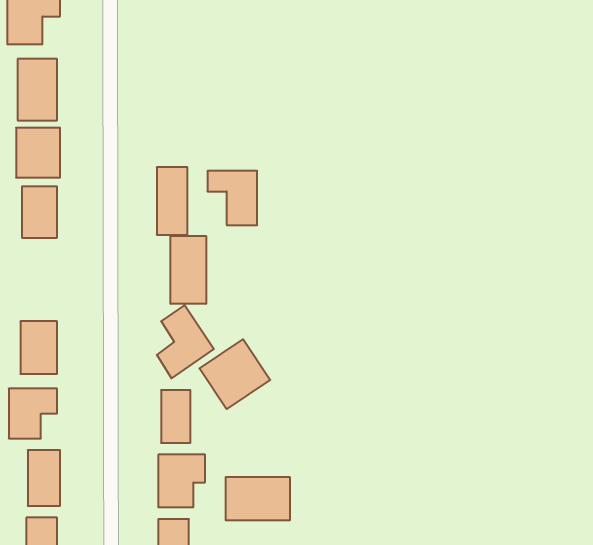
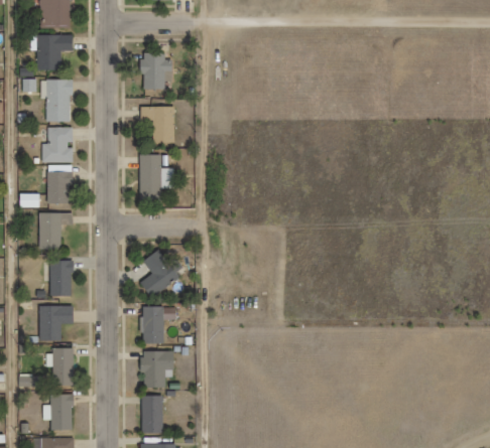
building: none -> [142,53,171,89]
building: [207,171,257,225] -> [140,106,174,143]
building: [171,236,206,304] -> none
building: none -> [38,212,73,247]
building: [199,339,270,409] -> none
building: [226,477,290,520] -> none

